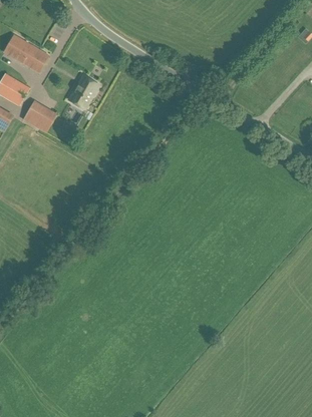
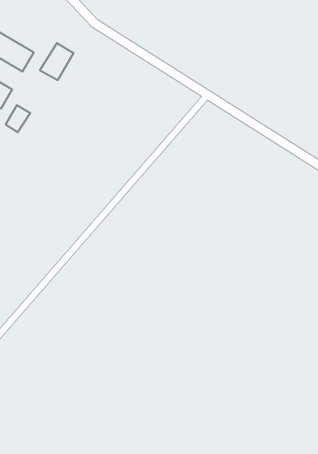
building: [69,76,99,109] -> [40,43,74,80]

